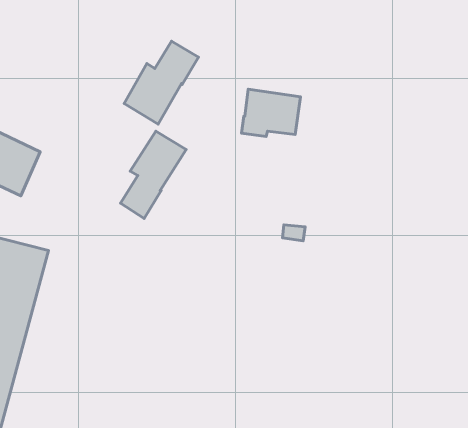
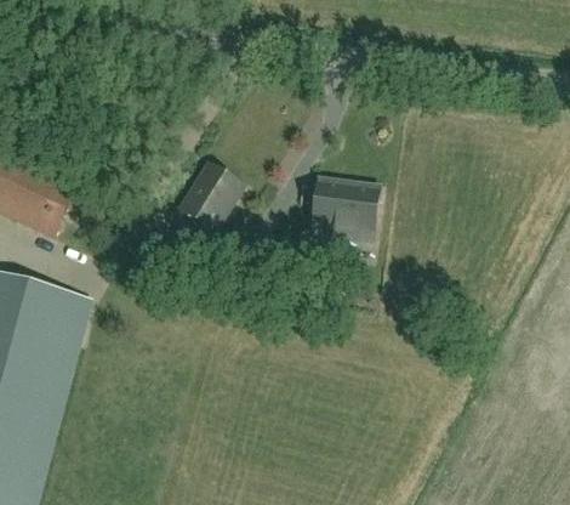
building: [124,41,199,124] -> none
building: [242,89,301,137] -> [312,178,378,232]

